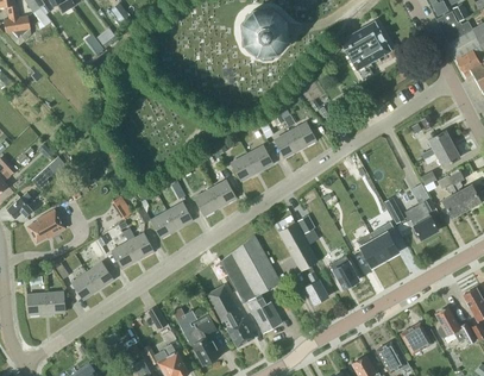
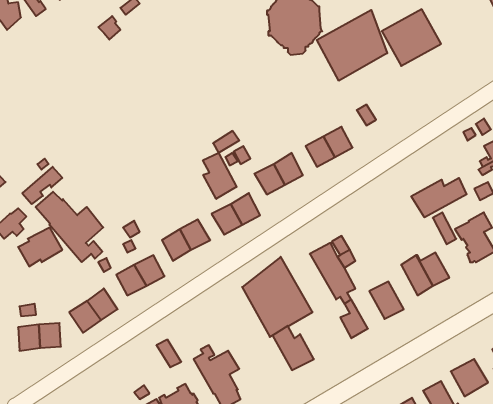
building: none -> [317,10,387,81]
building: none -> [203,153,237,199]
building: none -> [411,178,467,217]
building: none -> [36,192,103,262]
building: [207,284,253,346] -> none

